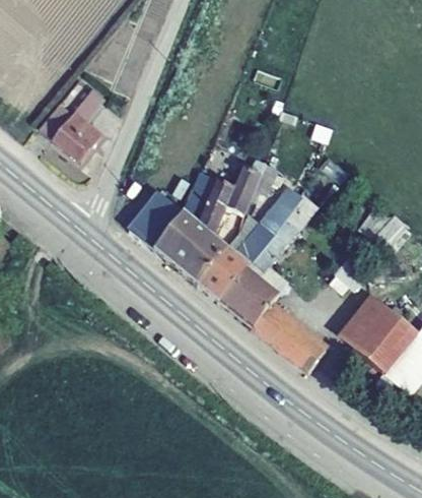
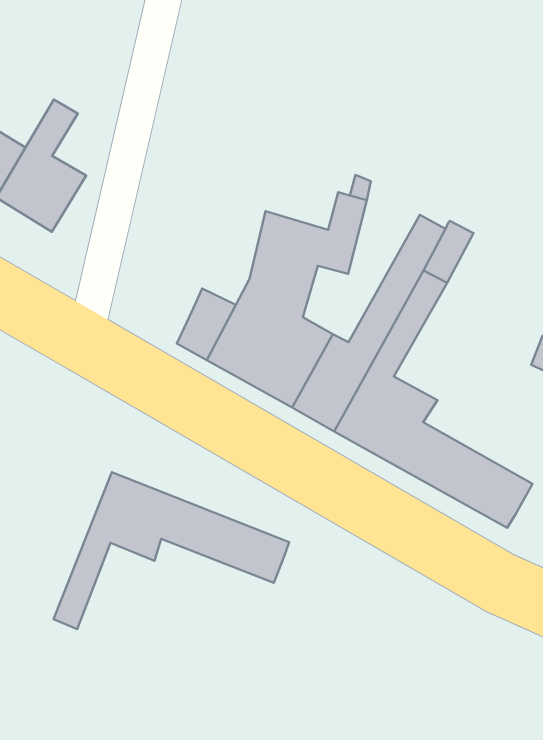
building: none -> [54,472,289,629]

